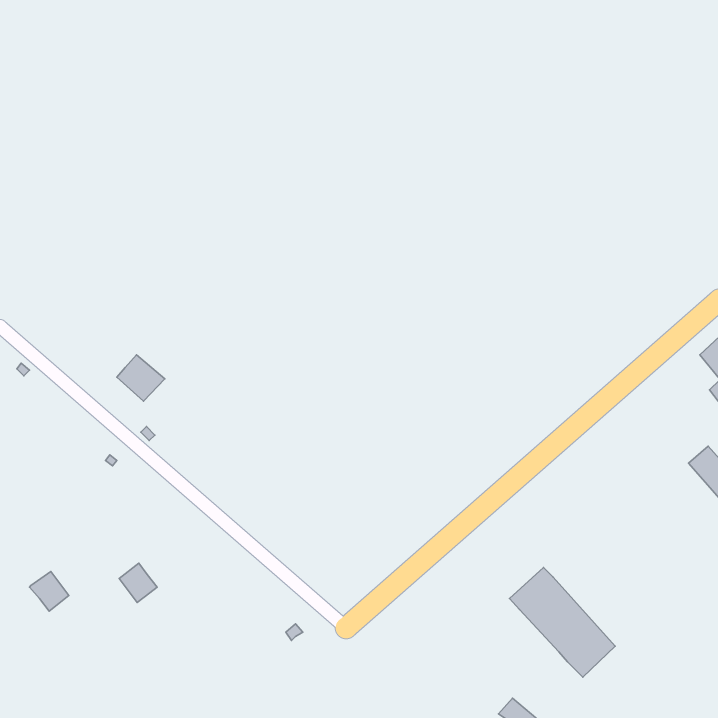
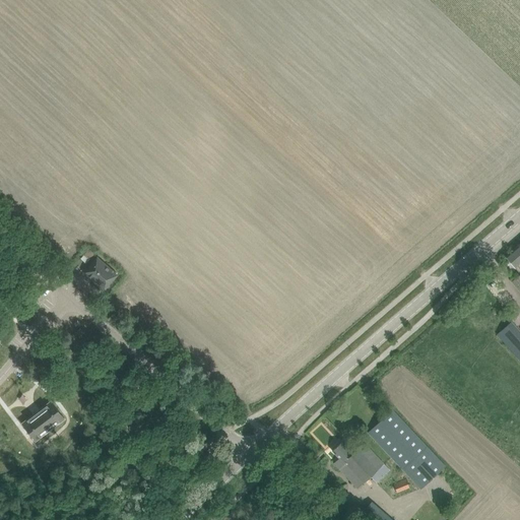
building: [119,563,157,603] -> [38,402,65,431]
building: none -> [333,442,390,490]

